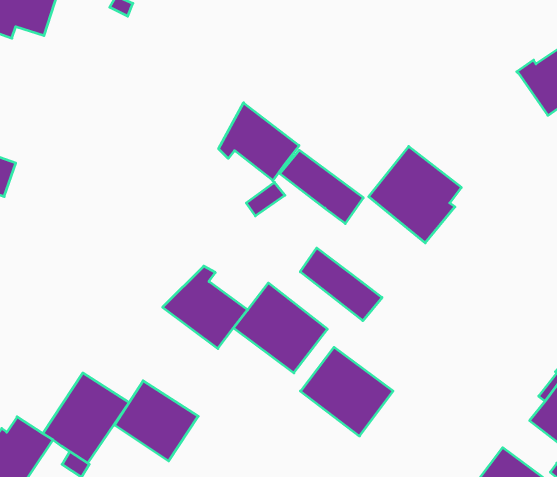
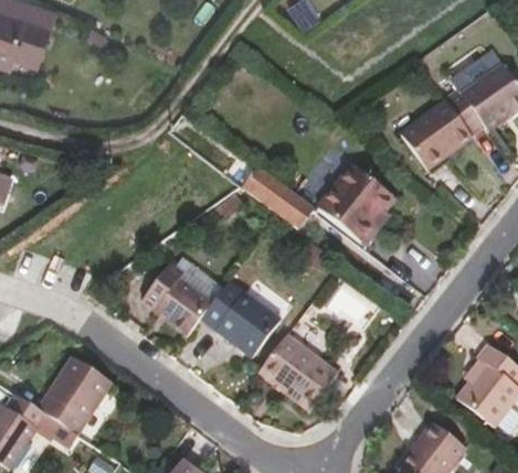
building: none -> [400,99,472,170]
building: [219,103,299,181] -> none
building: [300,248,382,321] -> none
building: [115,381,198,461] -> none

